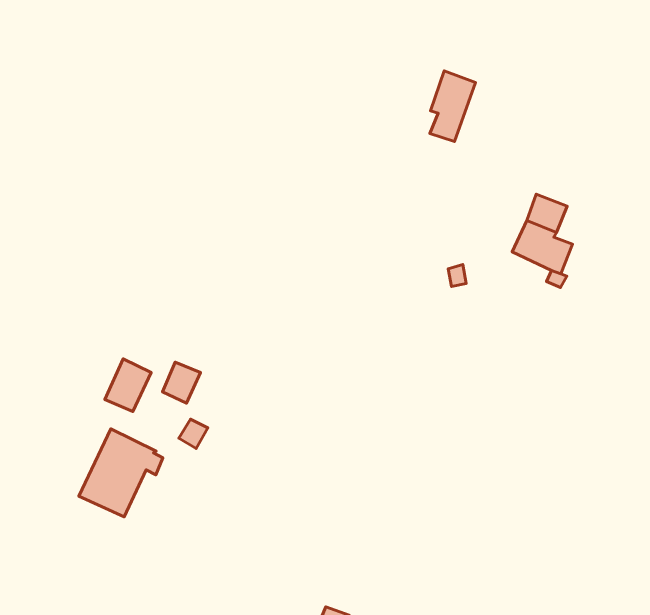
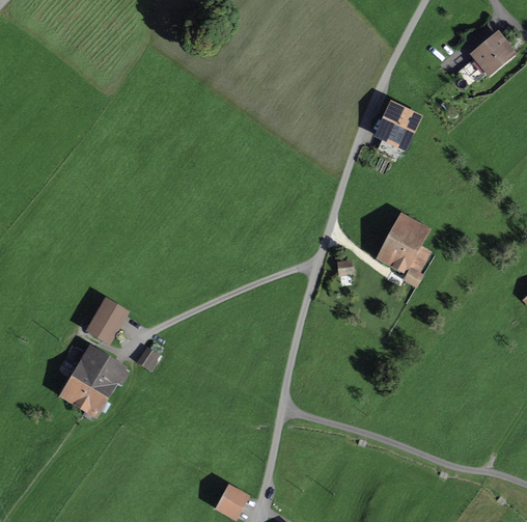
building: [430,71,475,141] -> [379,105,414,155]
building: [163,362,200,403] -> none

